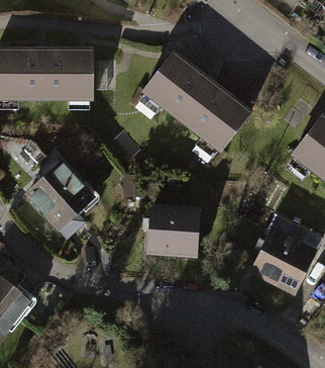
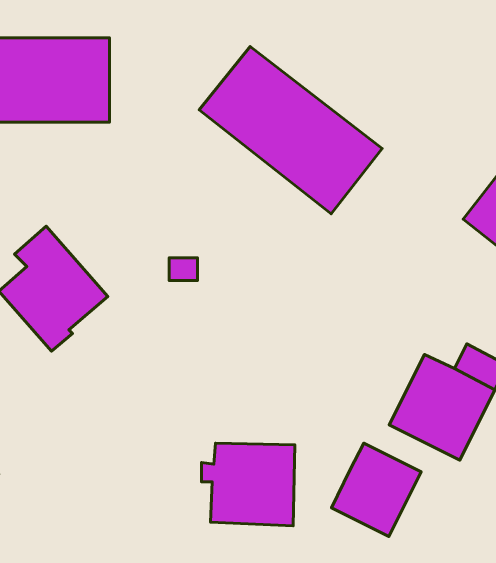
building: [144,206,198,254] -> [202,443,295,526]
building: none -> [332,443,421,536]

